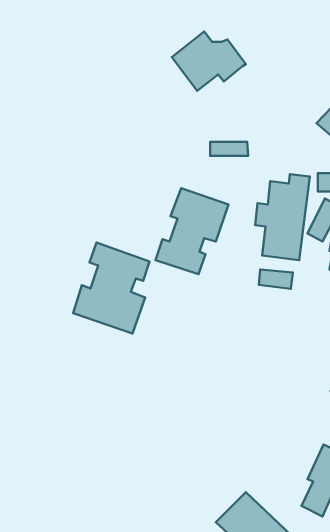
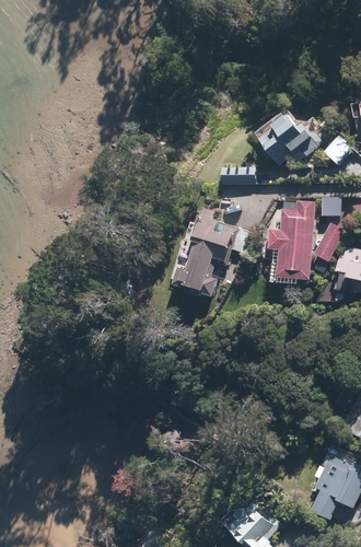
building: [172,32,246,91] -> [257,110,327,166]
building: [73,242,150,334] -> none
building: [259,269,293,289] -> none

